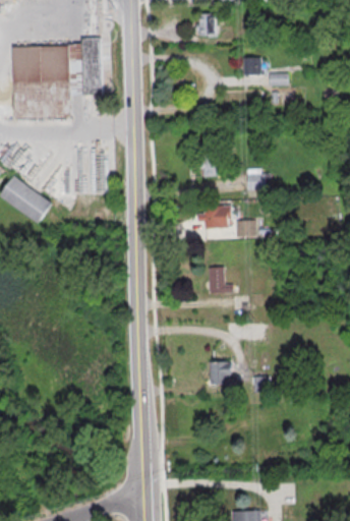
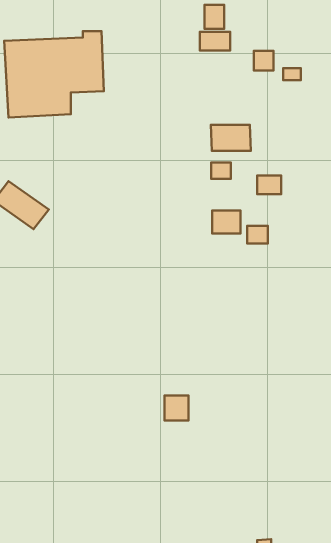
building: none -> [200,32,230,51]
building: none -> [211,125,251,151]
building: [206,266,230,293] -> none
building: [210,361,232,385] -> [164,395,188,421]

